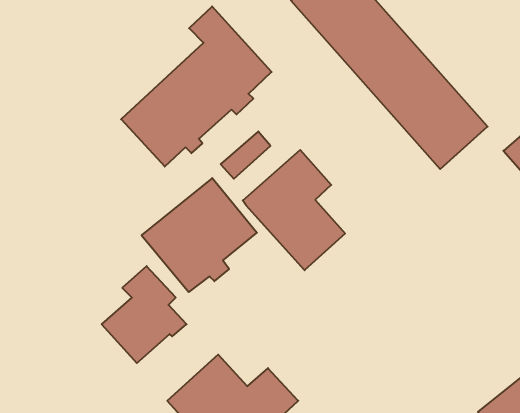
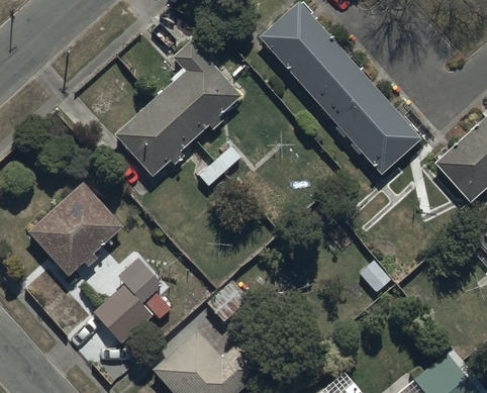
building: [243,150,345,270] -> none
building: [142,178,257,292] -> [27,182,123,277]

